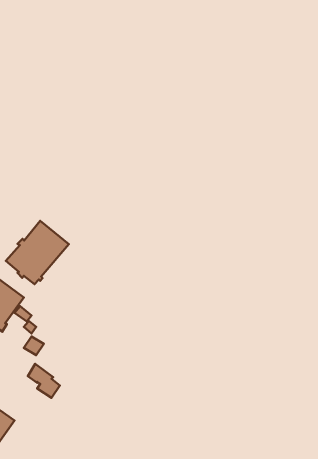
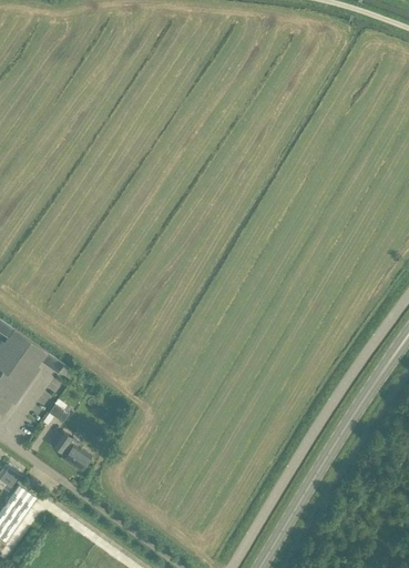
building: [6,221,69,284] -> none

